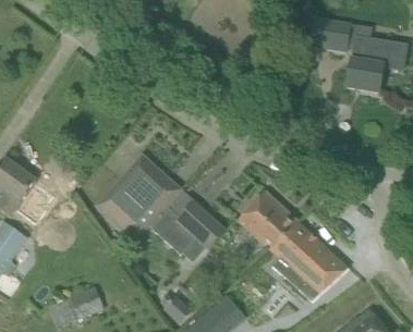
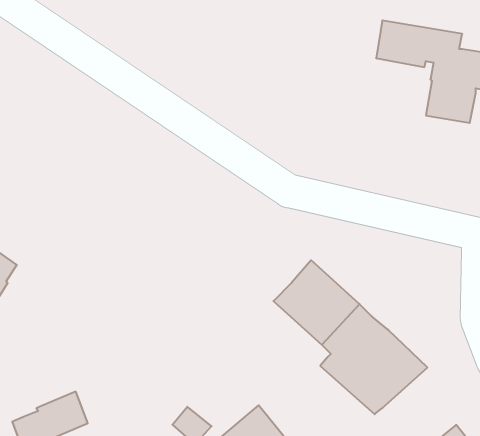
building: [96,155,227,255] -> none

